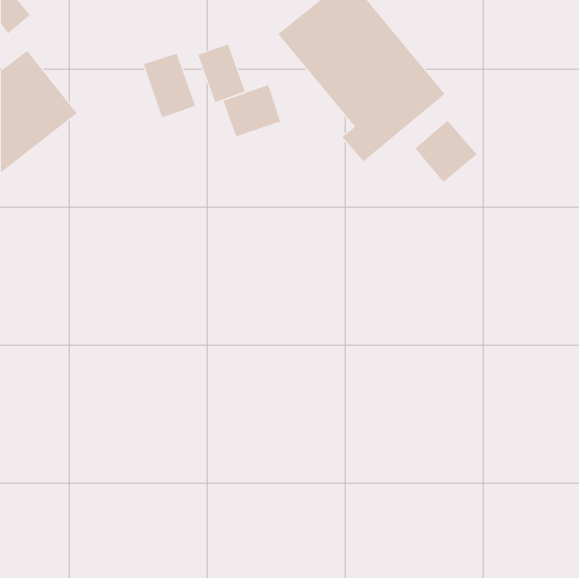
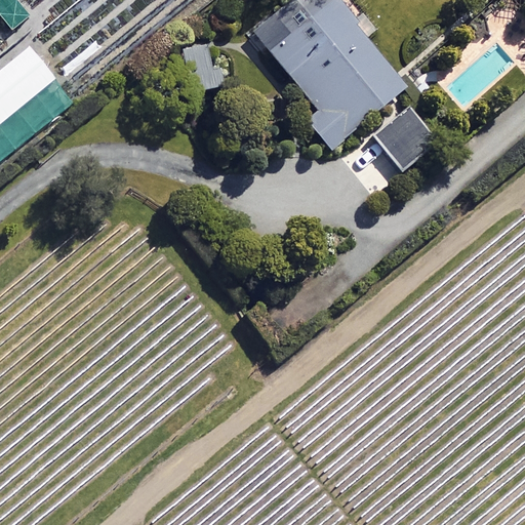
building: [143,53,196,118] -> none
building: [223,84,281,137] -> none

